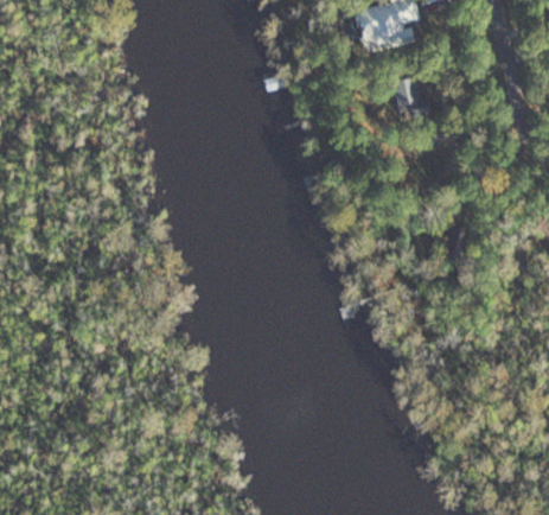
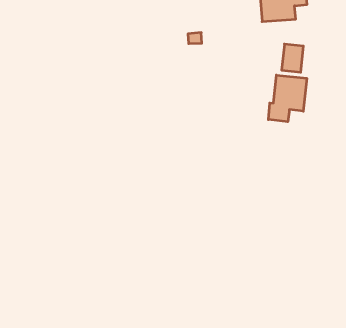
building: none -> [268,75,307,122]

